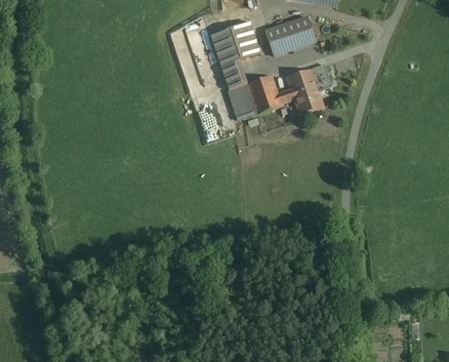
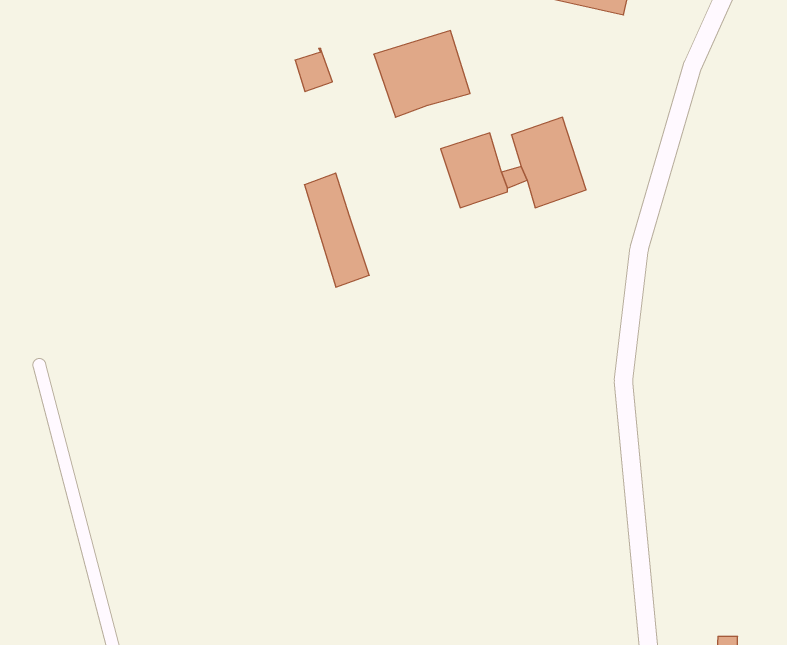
building: [264,12,315,52] -> none
building: [221,61,255,120] -> [304,173,369,287]

